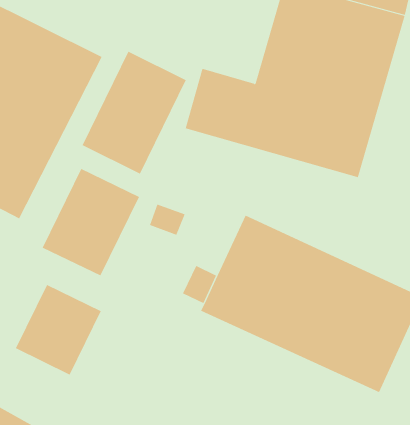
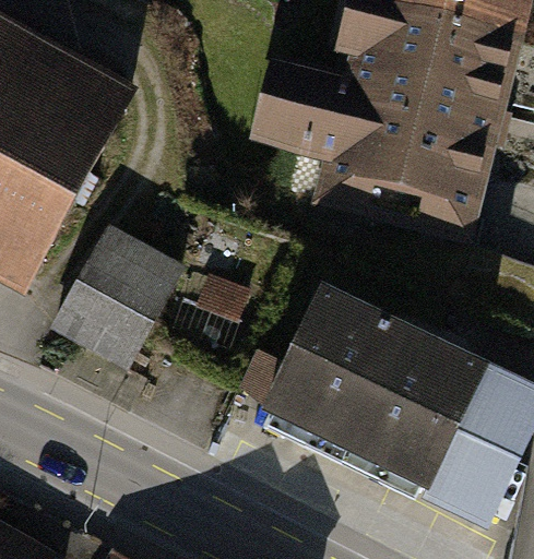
building: [82,51,186,174] -> none
building: [15,284,102,376] -> none

